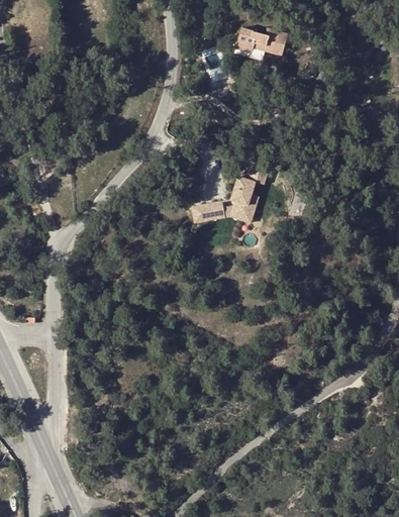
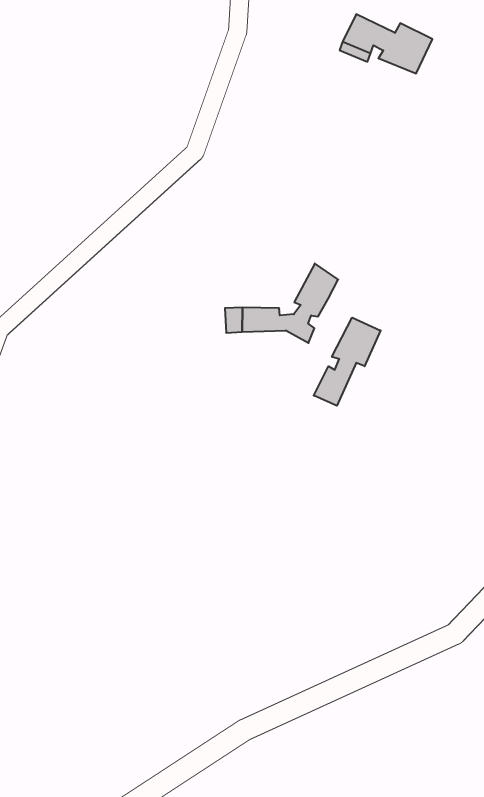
building: none -> [314,318,381,406]

